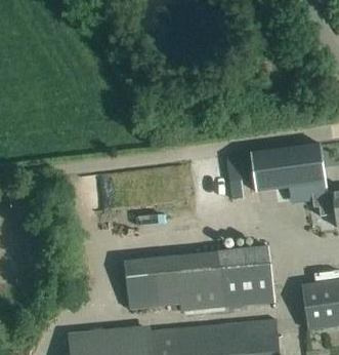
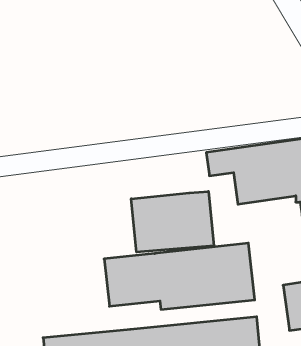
building: none -> [131,191,214,252]

